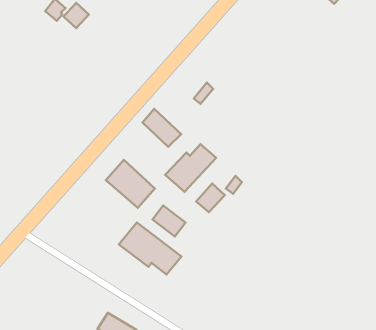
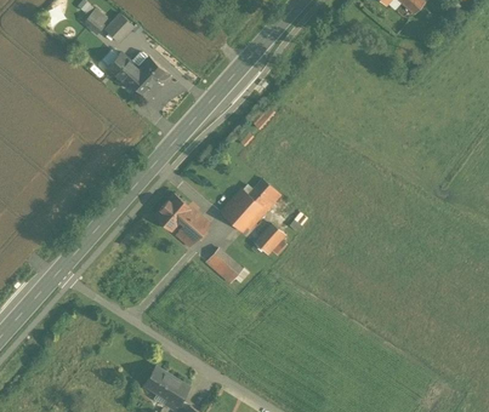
building: none -> [107,52,164,99]
building: [142,109,181,147] -> none
building: [119,222,182,275] -> none

